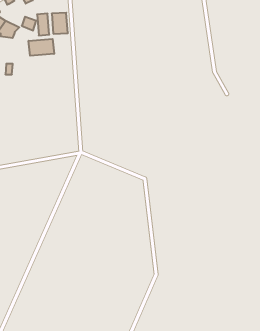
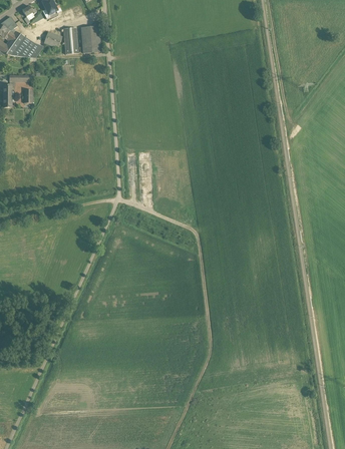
building: [29,39,54,56] -> none

